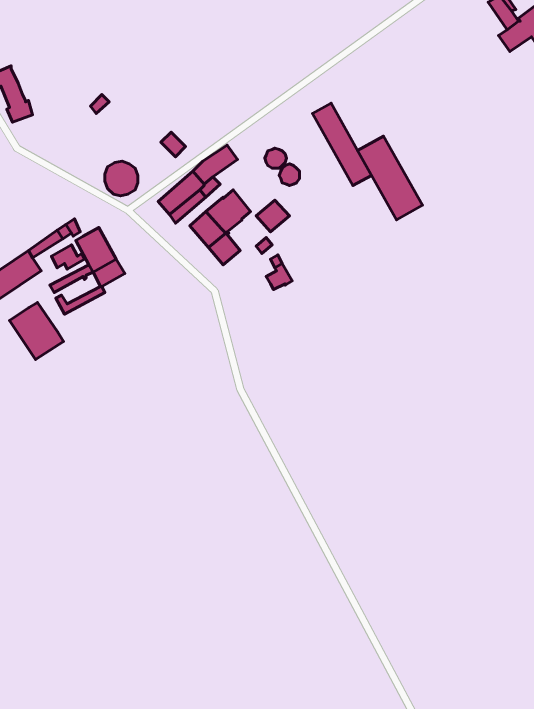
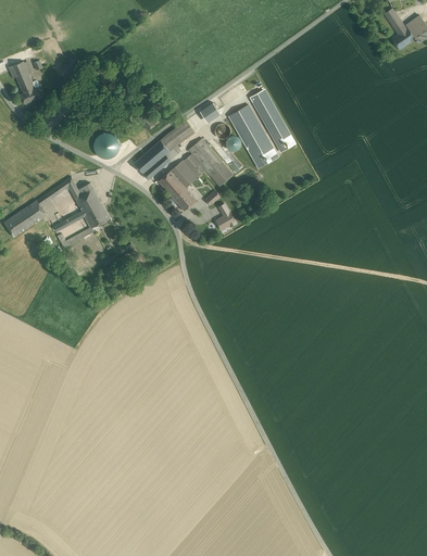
building: [358,136,422,220] -> [229,104,278,167]
building: none -> [188,138,223,174]
building: [10,302,63,360] -> none

